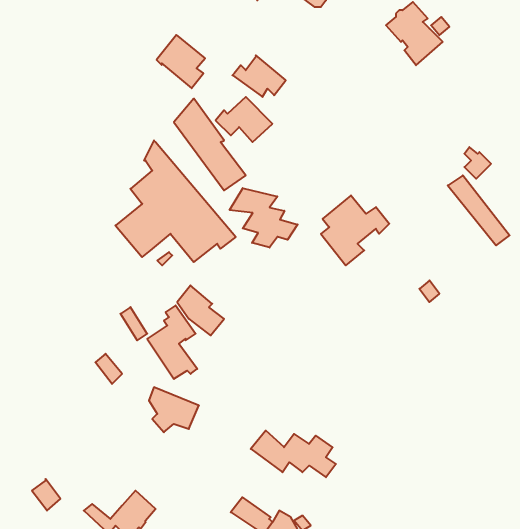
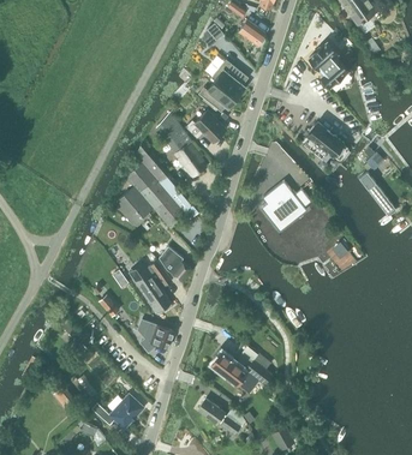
building: [157,35,205,88] -> [211,60,246,98]
building: none -> [301,122,348,160]
building: [230,188,298,248] -> none

